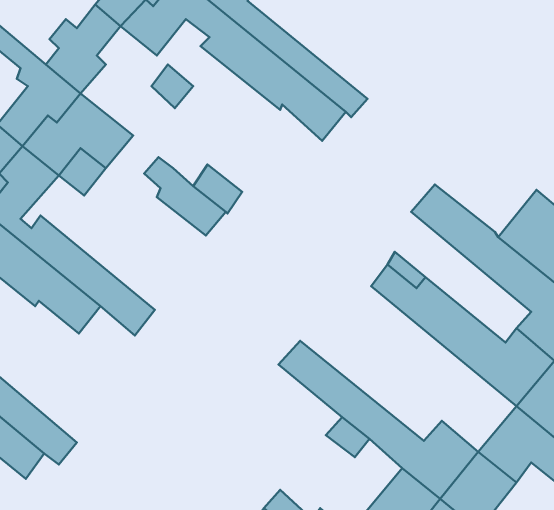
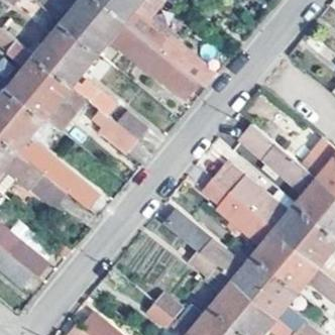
building: none -> [54,36,114,115]
building: none -> [204,181,297,272]

